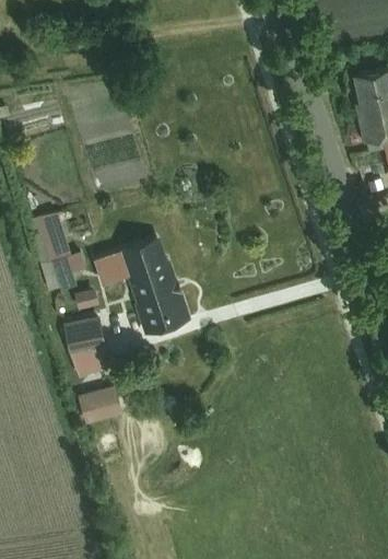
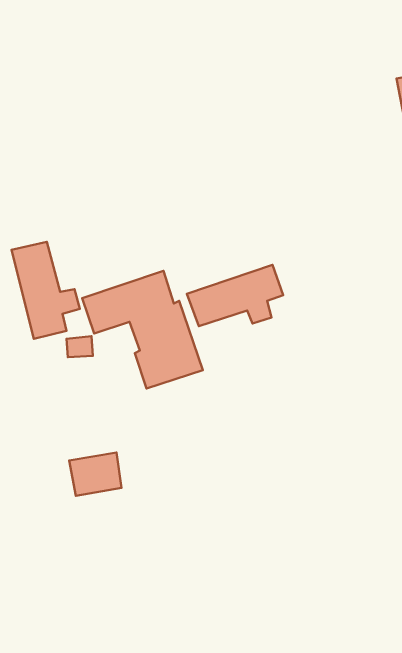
building: none -> [187,265,283,326]
building: [63,315,113,379] -> none

